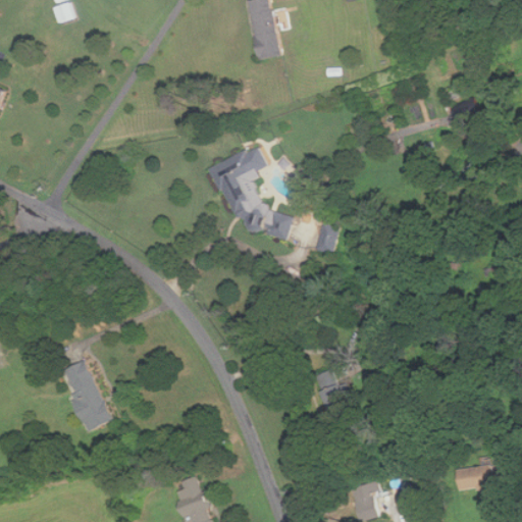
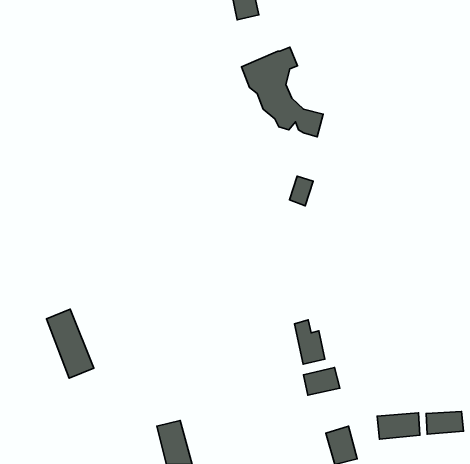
building: [206,147,291,240] -> [242,47,323,137]
building: none -> [304,368,340,395]
building: none -> [377,413,420,439]

